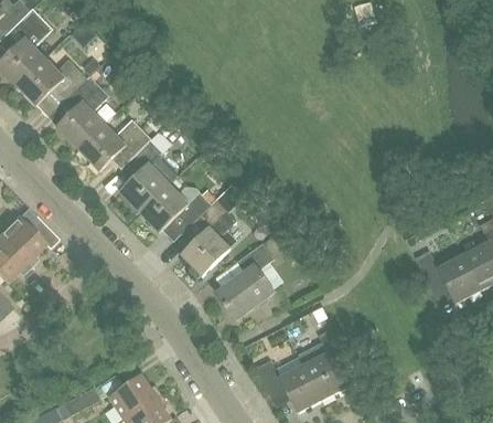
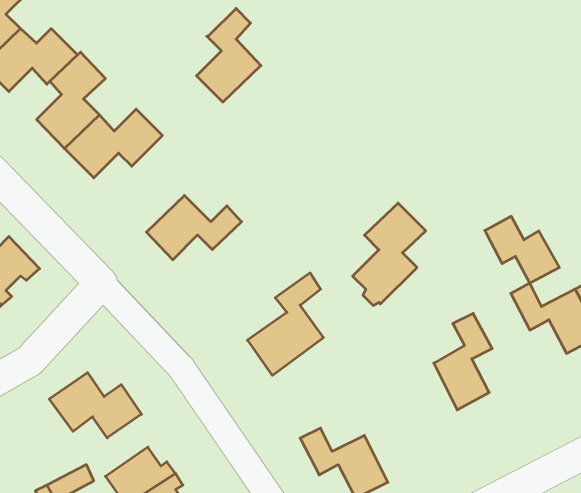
building: [119,141,168,212] -> [196,8,261,102]
building: [181,200,236,277] -> [353,203,426,305]
building: none -> [485,216,559,283]
building: none -> [49,373,142,438]
building: [303,328,347,401] -> [434,313,492,410]

